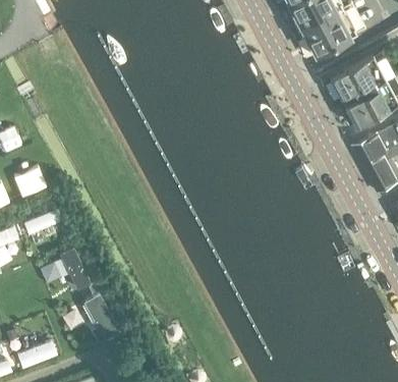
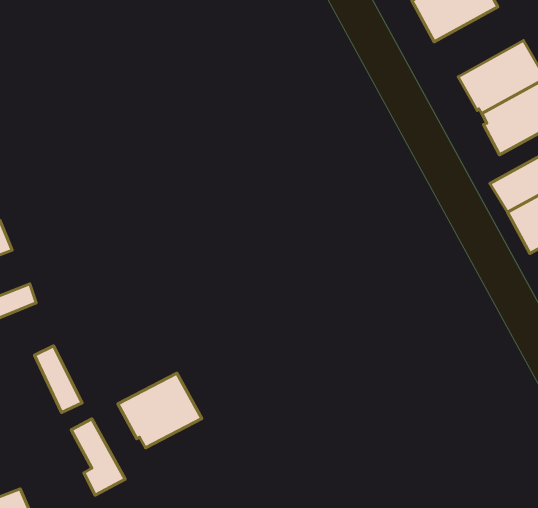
building: none -> [118,373,202,448]

